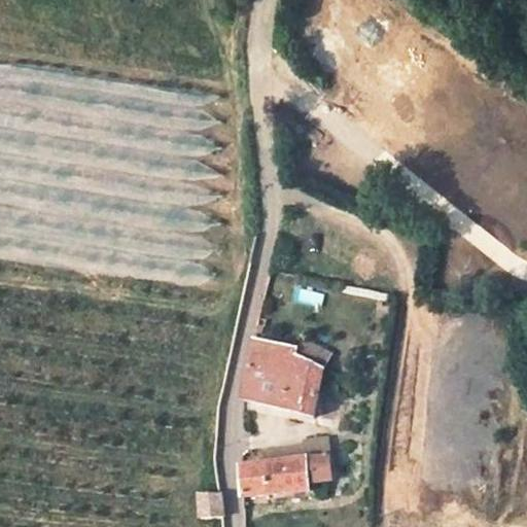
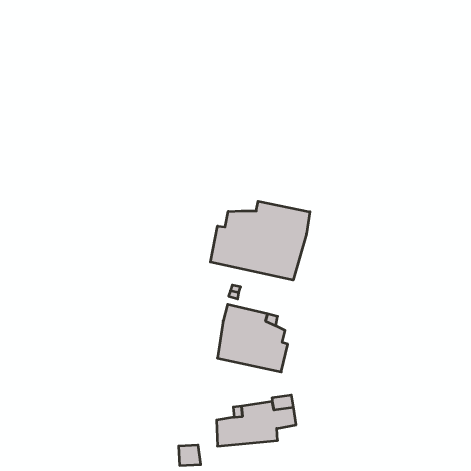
building: none -> [210,201,310,280]

